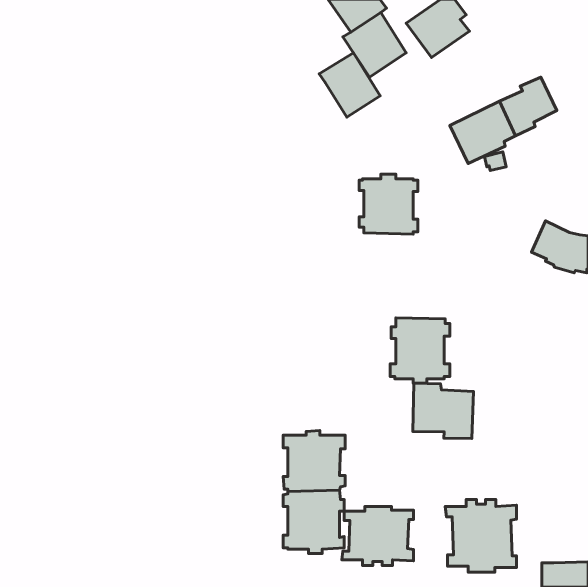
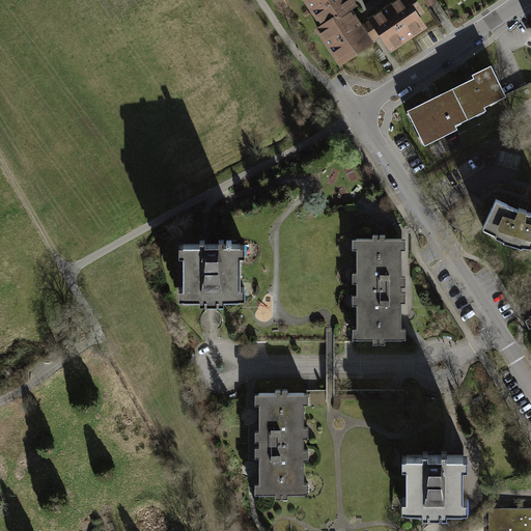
building: [319,53,380,117] -> none
building: [359,174,418,234] -> [353,233,406,287]
building: none -> [185,245,251,300]
building: [413,383,473,438] -> none
building: [342,506,413,565] -> none

